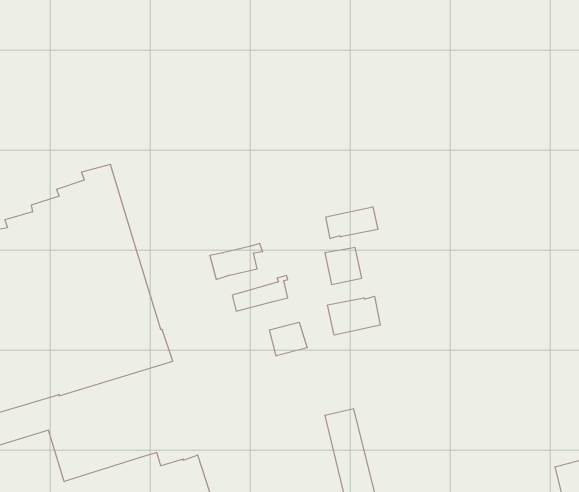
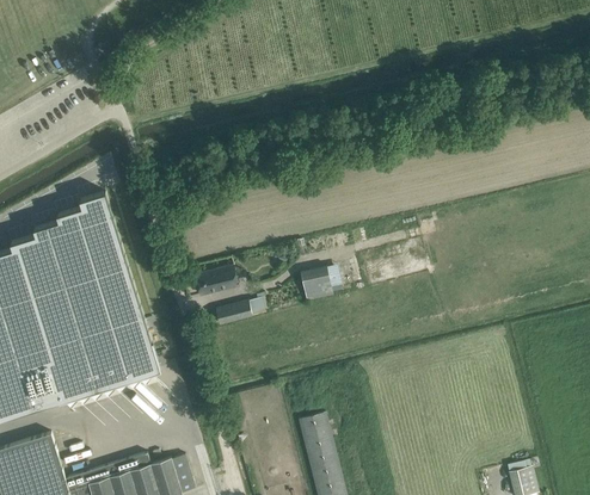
building: [326,207,378,239] -> none
building: [328,296,380,335] -> none
building: [269,322,307,356] -> none

